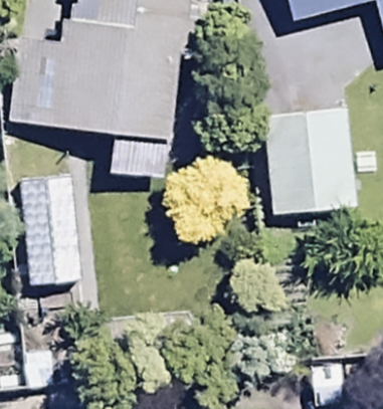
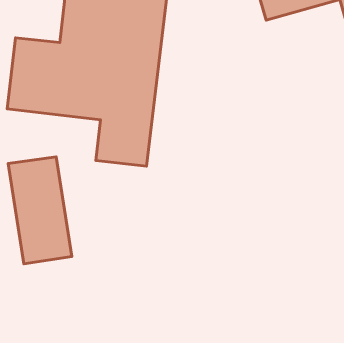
building: [263,111,354,216] -> none

